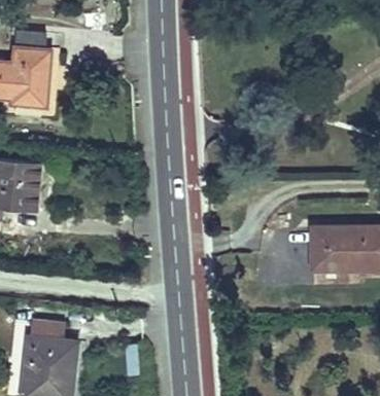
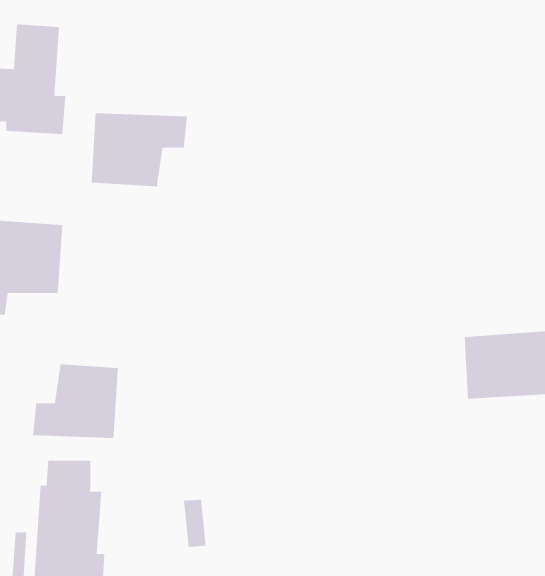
building: none -> [91,113,187,187]
building: none -> [33,363,118,439]

